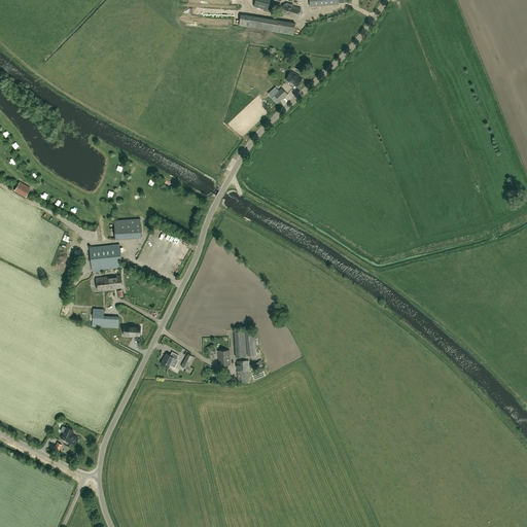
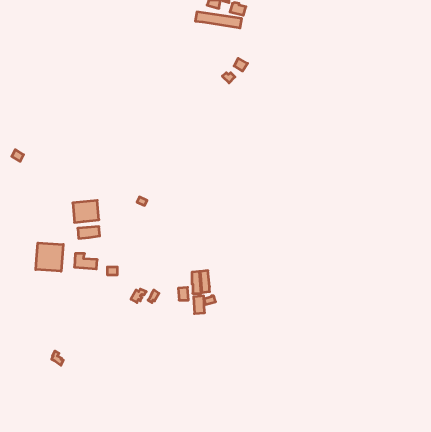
building: [113,219,140,239] -> none
building: none -> [36,243,63,271]

